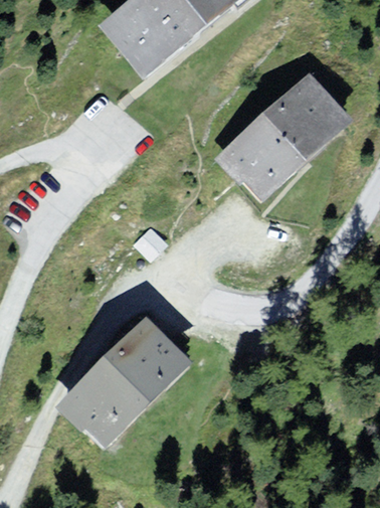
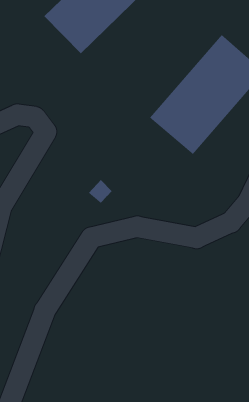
building: [63,322,188,447] -> none

